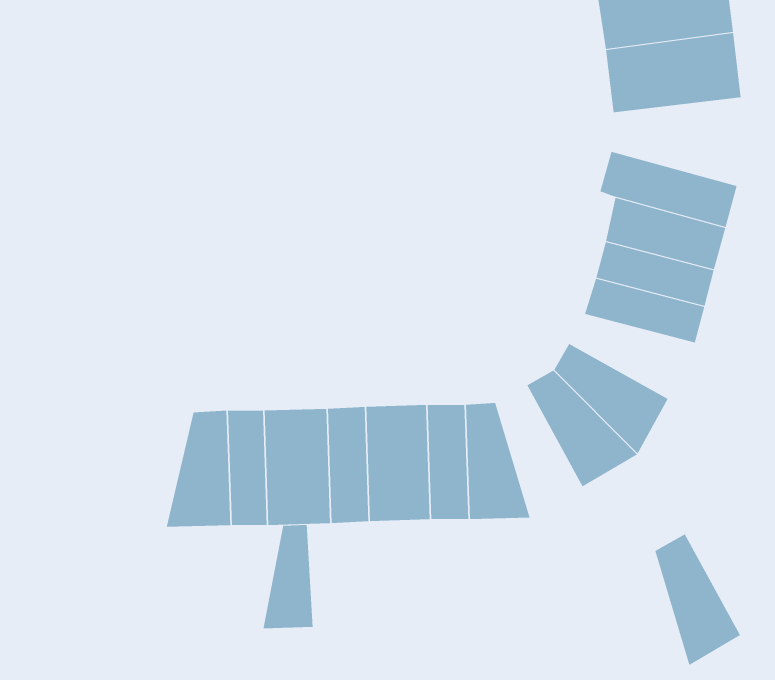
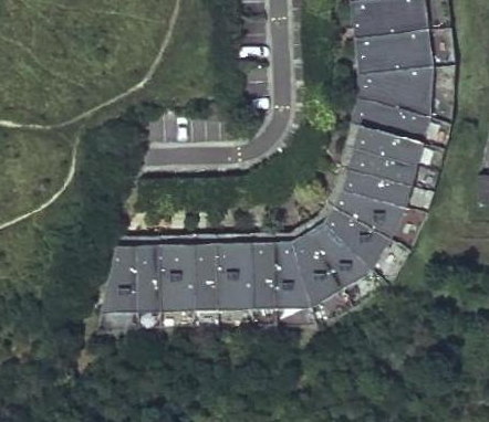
building: none -> [358,63,434,114]
building: none -> [334,188,407,236]
building: [263,524,313,629] -> none
building: [654,533,741,666] -> [292,229,342,305]

